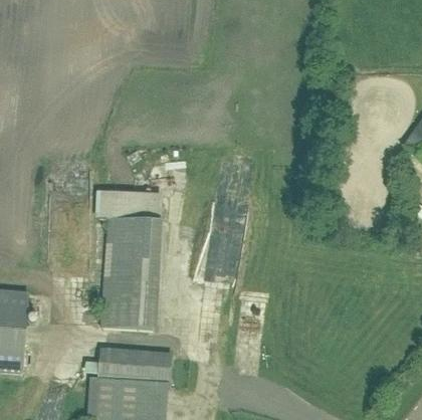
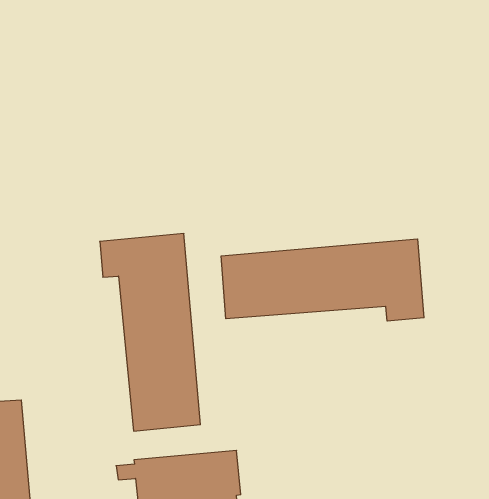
building: none -> [221,239,424,321]

